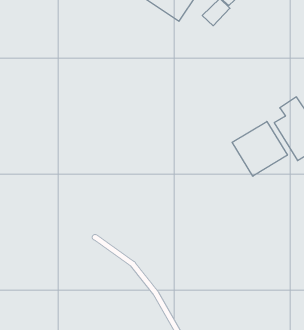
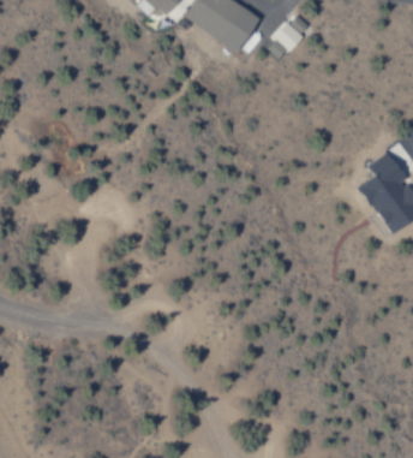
building: [232,121,287,176] -> none

